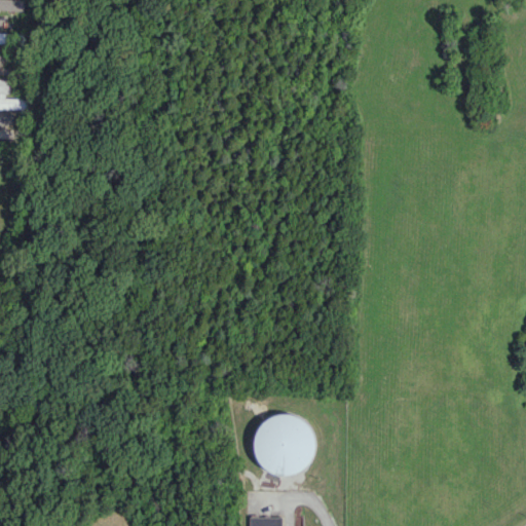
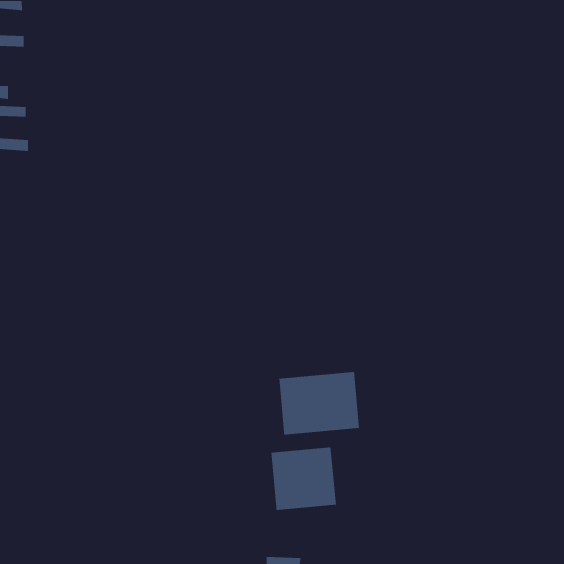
building: none -> [279,371,360,435]

